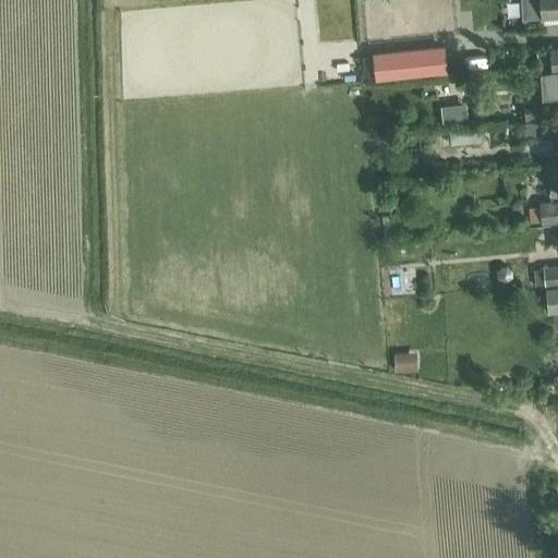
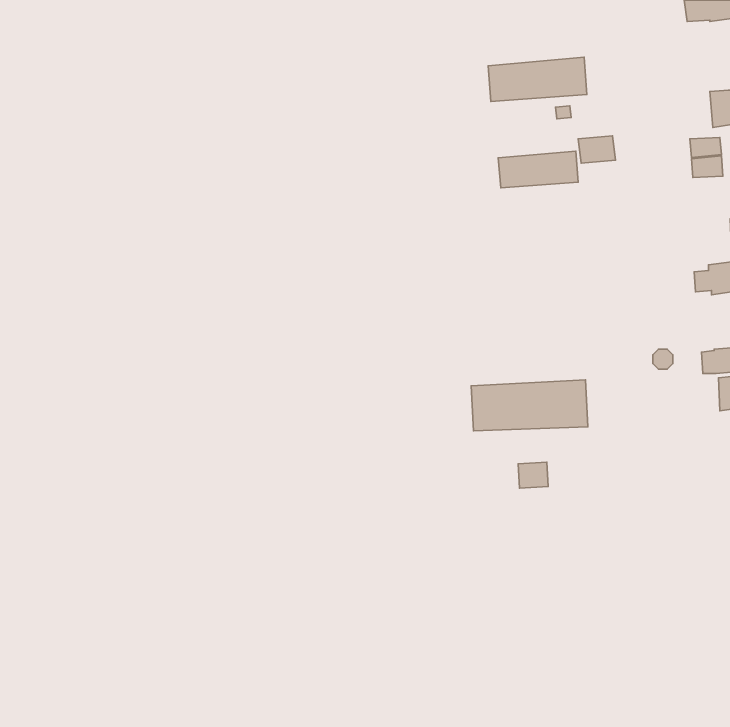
building: none -> [498,151,578,188]
building: none -> [471,380,588,431]

